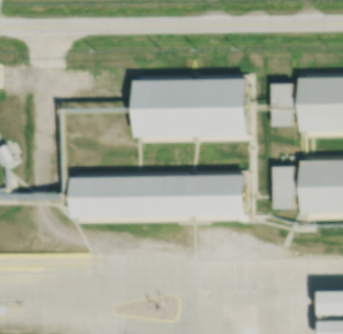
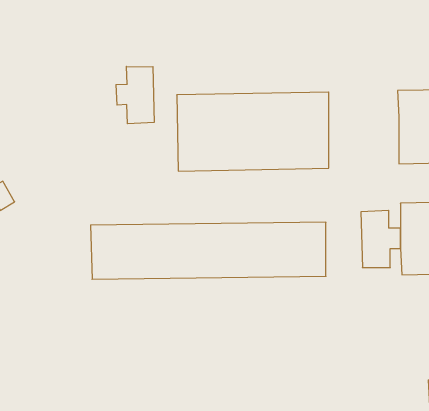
building: none -> [116,66,154,124]
building: [270,81,300,125] -> none

